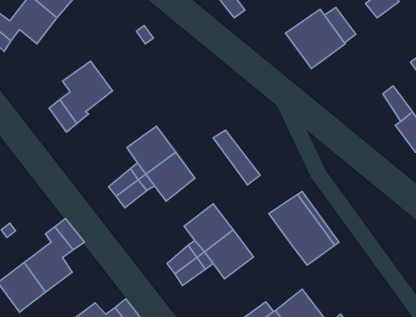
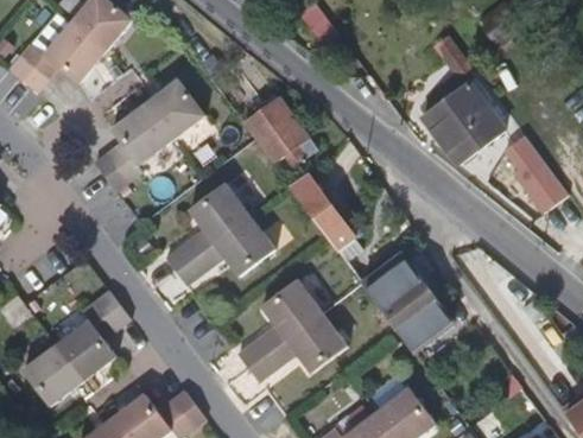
building: [286,9,345,69] -> [425,87,499,160]
building: none -> [145,77,204,138]
building: none -> [245,100,318,170]

